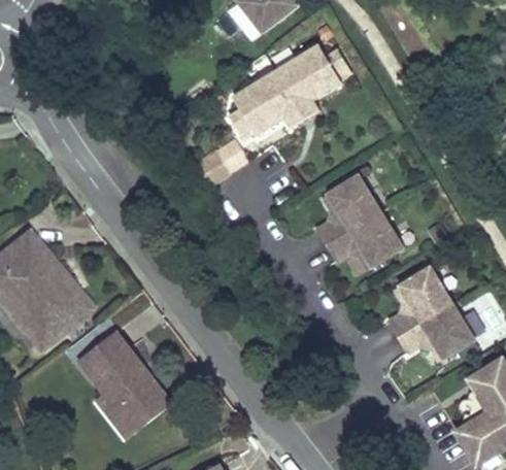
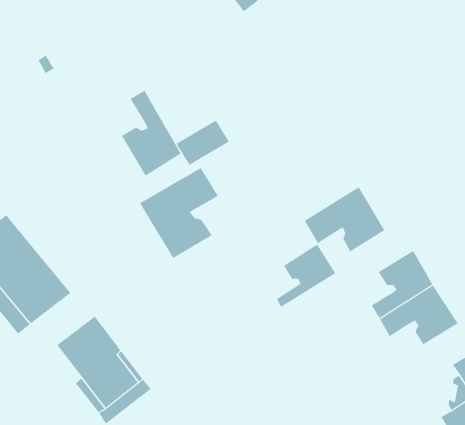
building: [230,43,352,138] -> none
building: none -> [121,90,181,177]
building: [317,174,377,237] -> [276,244,336,307]
building: none -> [139,167,219,259]

